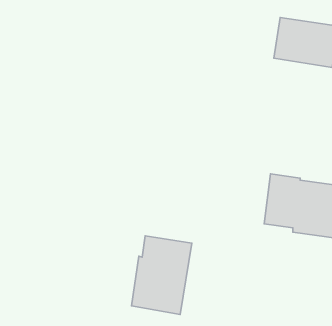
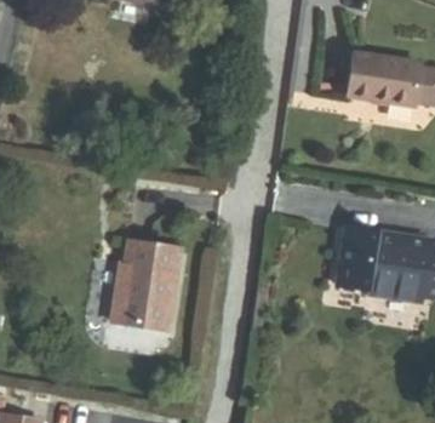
building: [131,236,192,314] -> [111,240,181,330]

